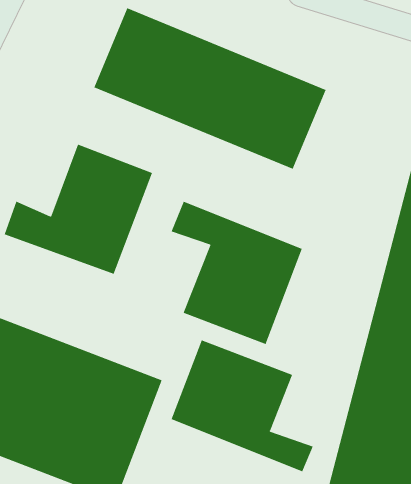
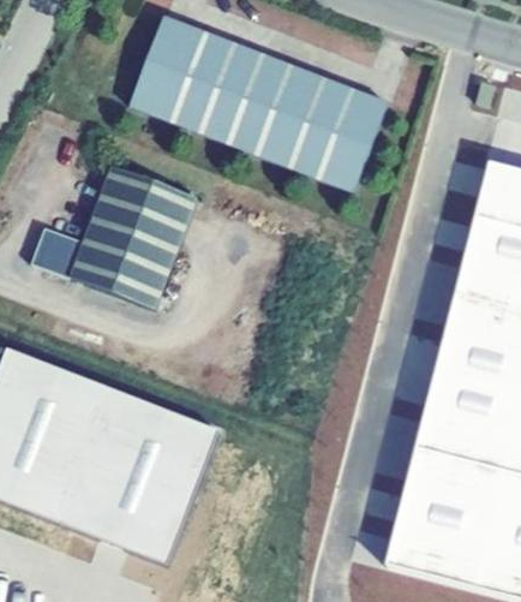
building: [171,201,303,345] -> none
building: [171,339,313,472] -> none

